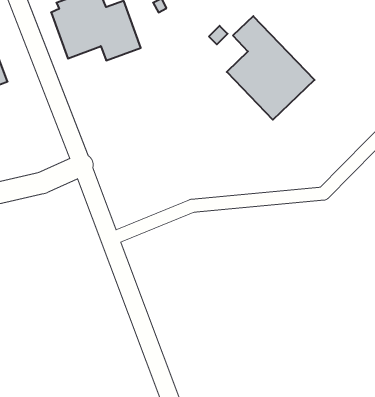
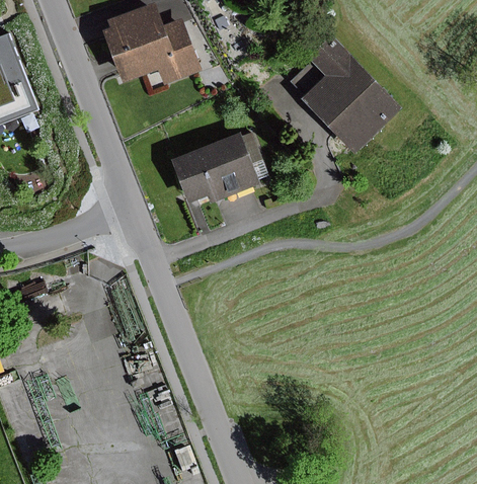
building: none -> [168,132,268,204]

